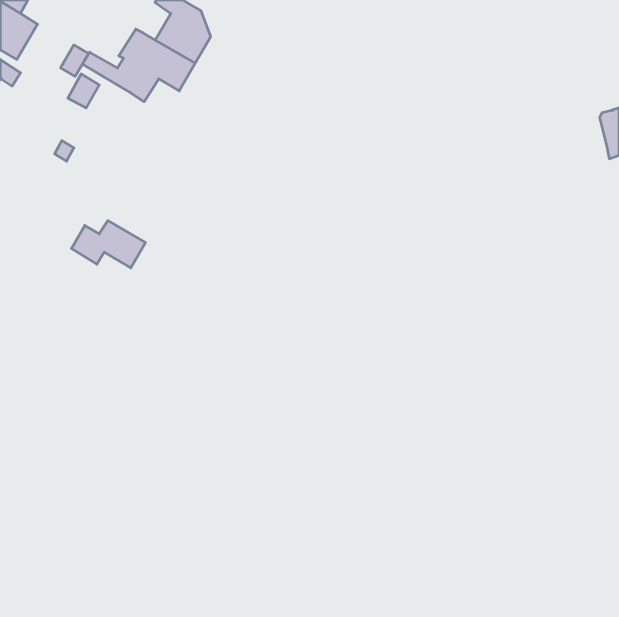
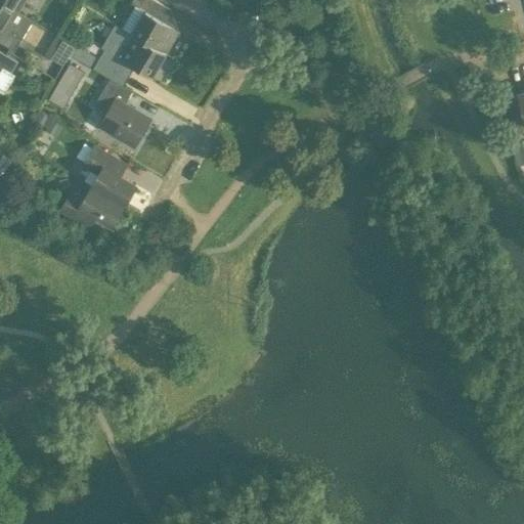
building: none -> [93,80,149,147]
building: none -> [83,146,135,207]

